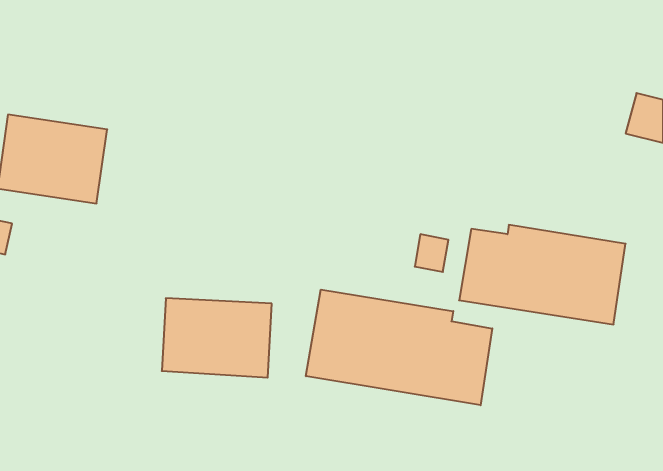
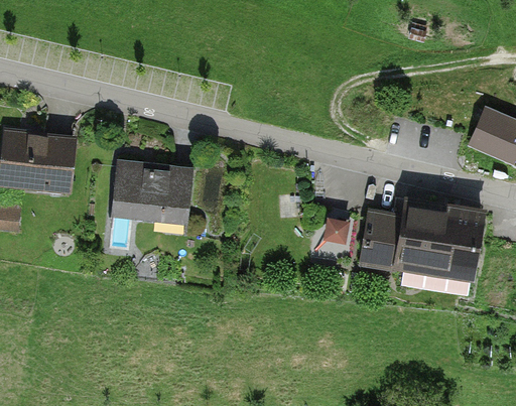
building: [306,290,492,405] -> none
building: [162,298,272,378] -> [114,161,197,221]

